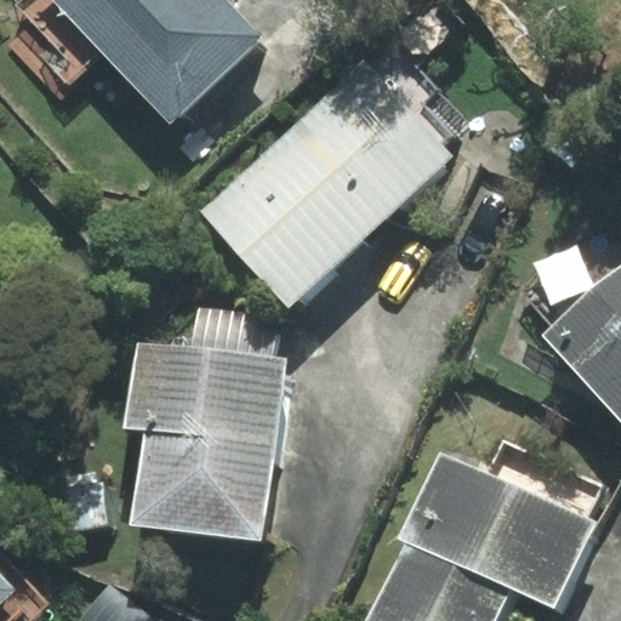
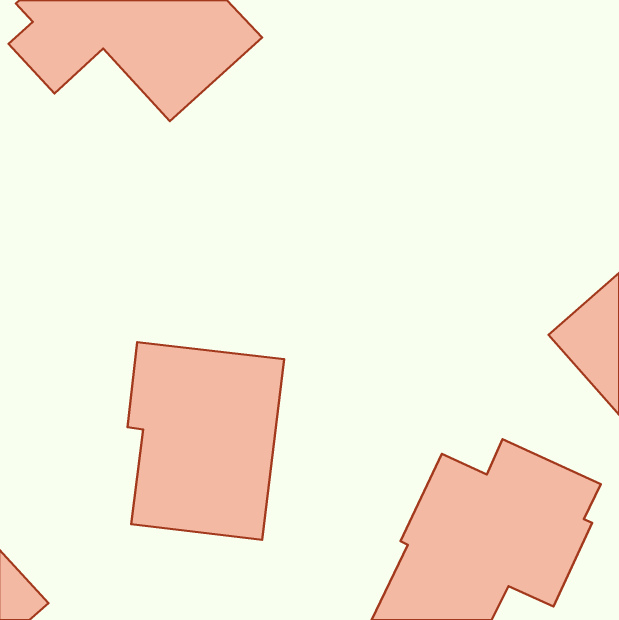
building: [204,63,448,302] -> none

